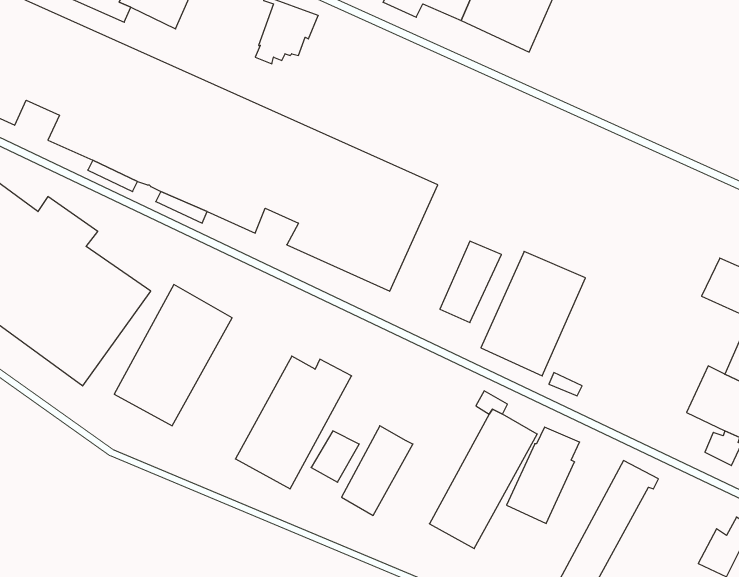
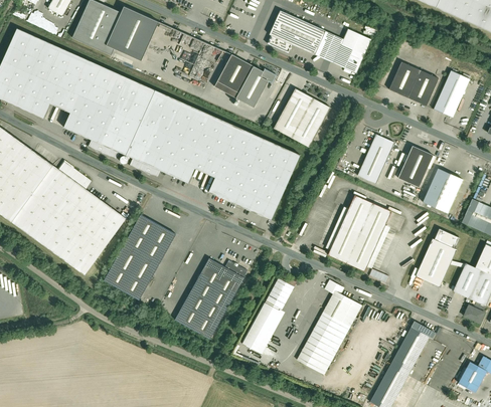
building: none -> [214,52,277,107]
building: none -> [388,61,438,106]
building: none -> [434,69,469,117]
building: none -> [276,88,331,145]
building: none -> [397,145,432,185]
building: none -> [422,167,462,212]
building: [440,241,501,323] -> [357,133,394,182]
building: [507,427,580,523] -> [415,227,459,285]
building: [311,431,359,482] -> [266,277,295,309]

